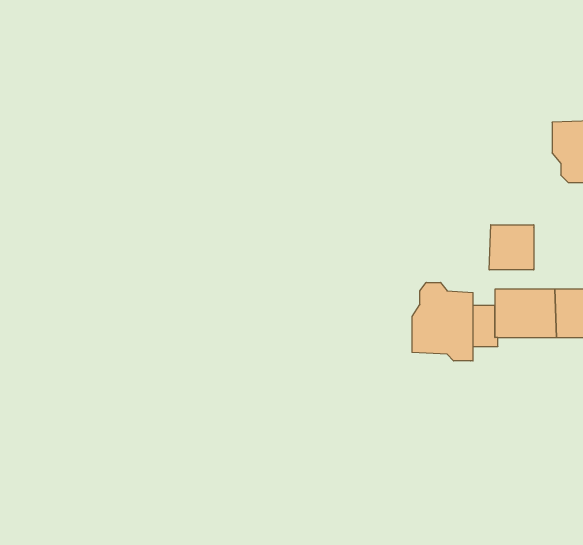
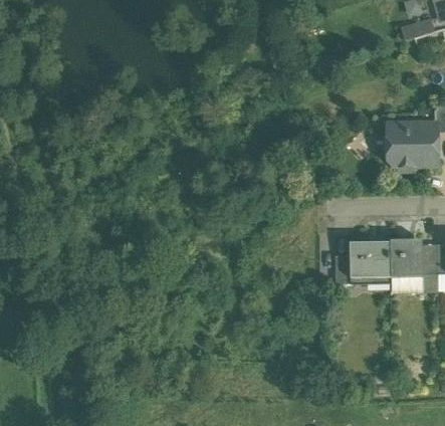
building: [489,225,534,270] -> none
building: [412,282,473,361] -> none

